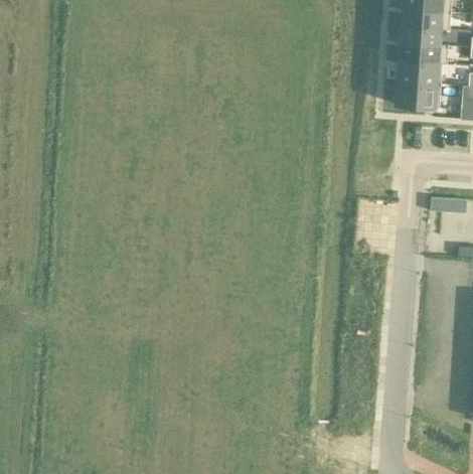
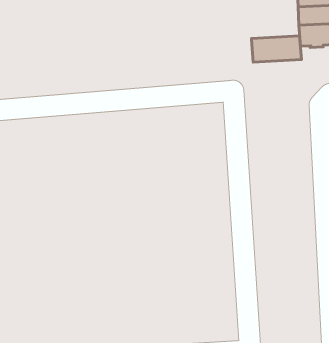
building: none -> [251,36,302,62]

